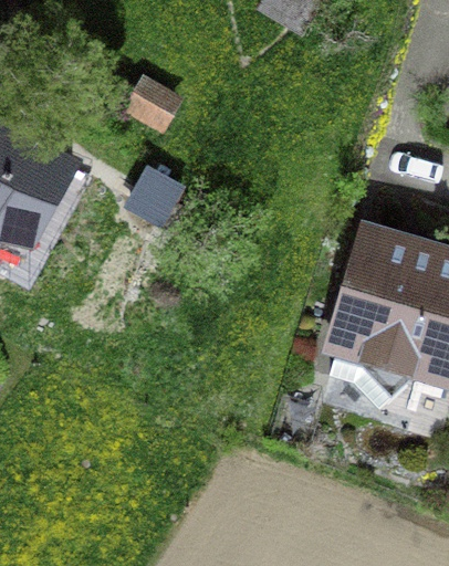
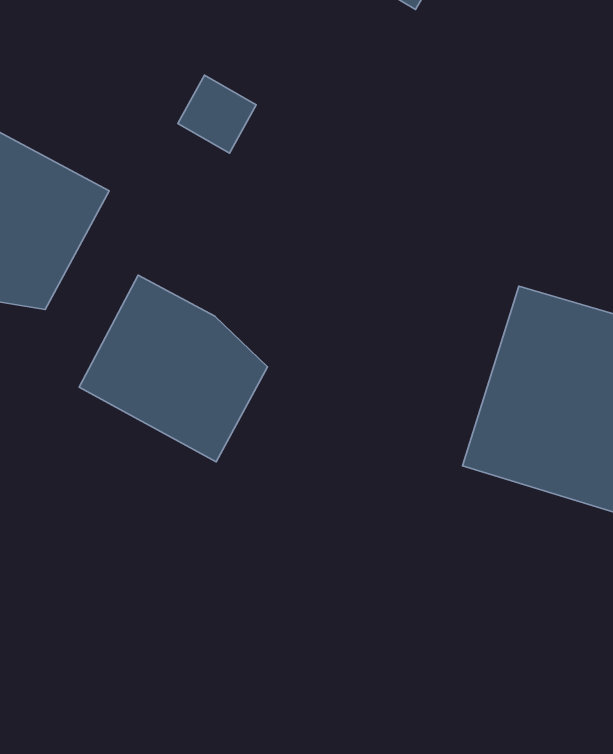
building: none -> [79,275,267,462]

